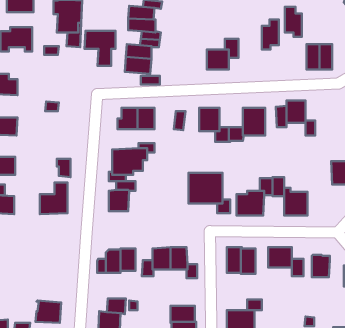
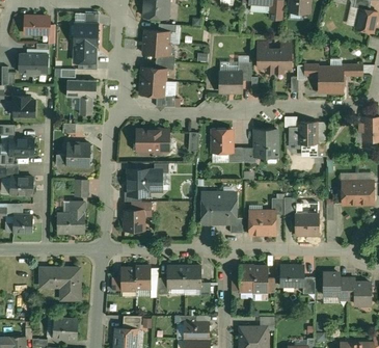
building: [285,7,302,37] -> [258,44,274,73]
building: [85,31,115,66] -> [66,80,97,114]
building: none -> [66,143,90,166]
building: none -> [40,269,80,300]

